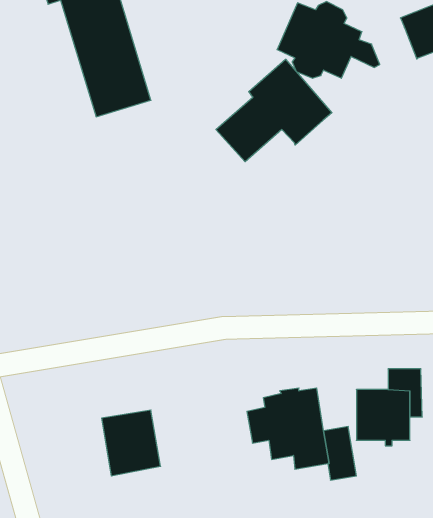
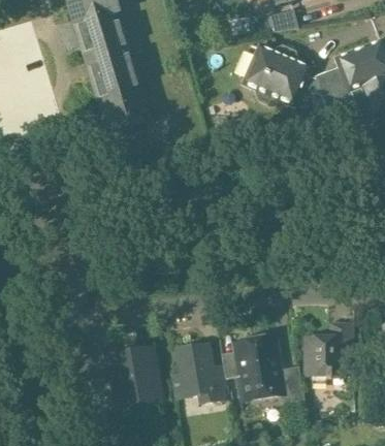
building: none -> [315,65,355,109]
building: [216,59,332,162] -> none
building: none -> [172,346,225,402]

